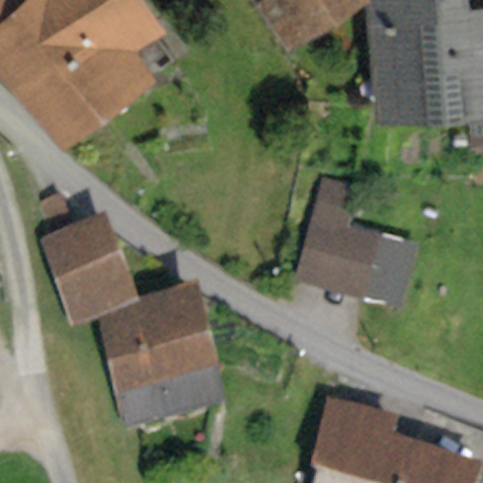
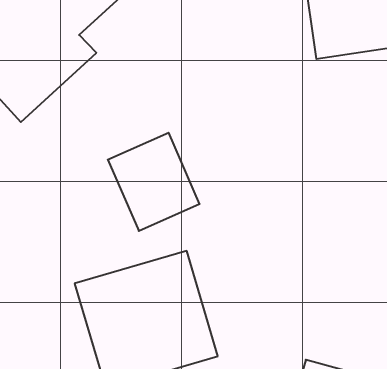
building: [294,184,413,294] -> none
building: [47,222,138,321] -> [108,133,200,231]

